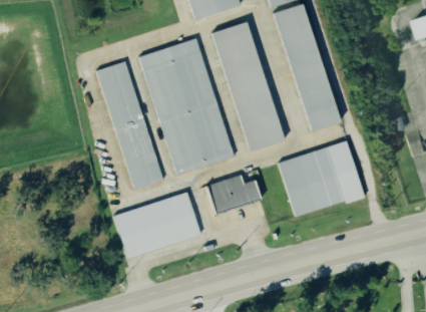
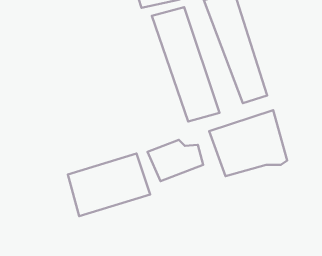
building: [139,36,237,175] -> none
building: [95,60,160,186] -> none

